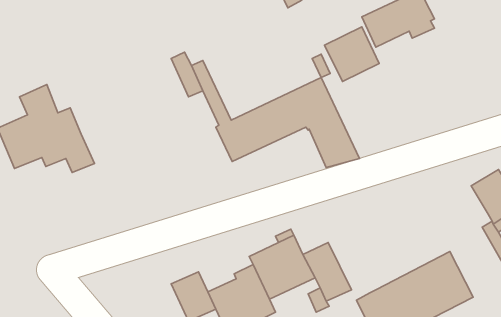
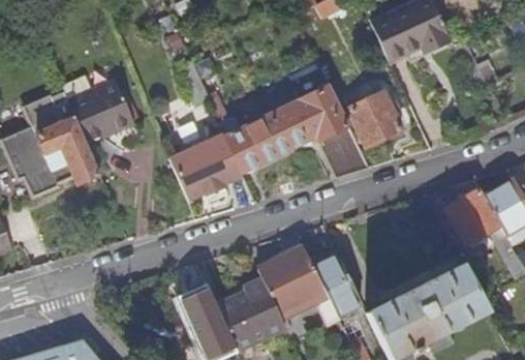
building: [324,27,379,82] -> [347,91,403,147]
building: none -> [67,81,132,144]
building: none -> [168,133,242,200]
building: none -> [445,188,501,245]

